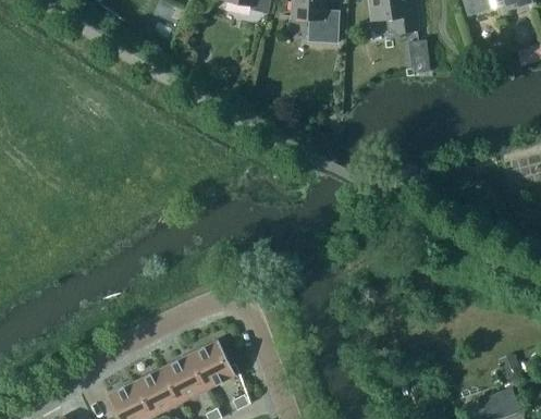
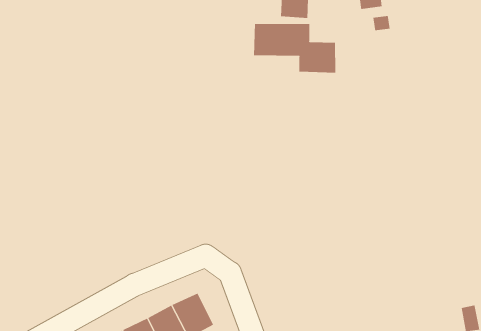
building: none -> [254,23,336,73]

